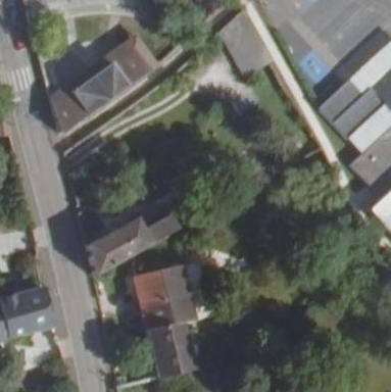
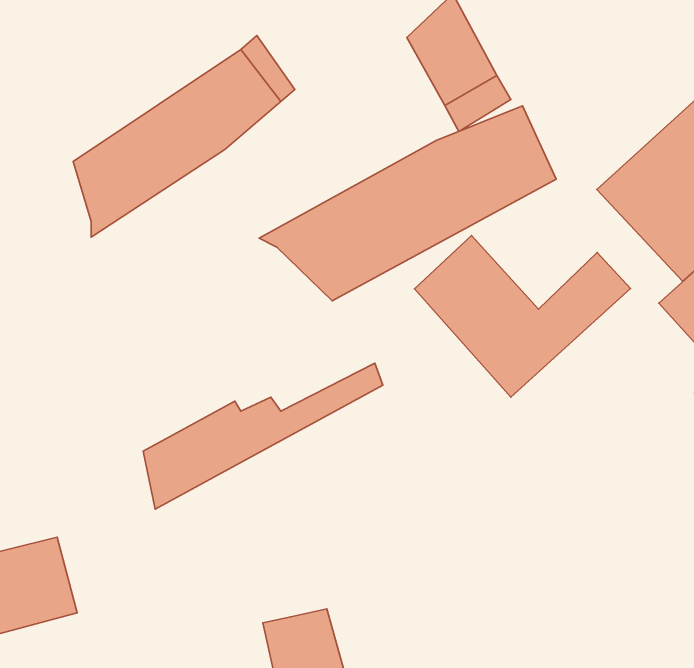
building: none -> [259,106,556,301]
building: none -> [414,236,631,397]
building: [138,274,194,331] -> none

